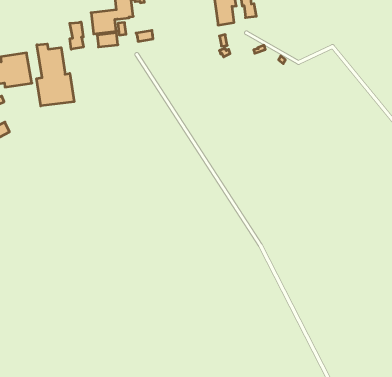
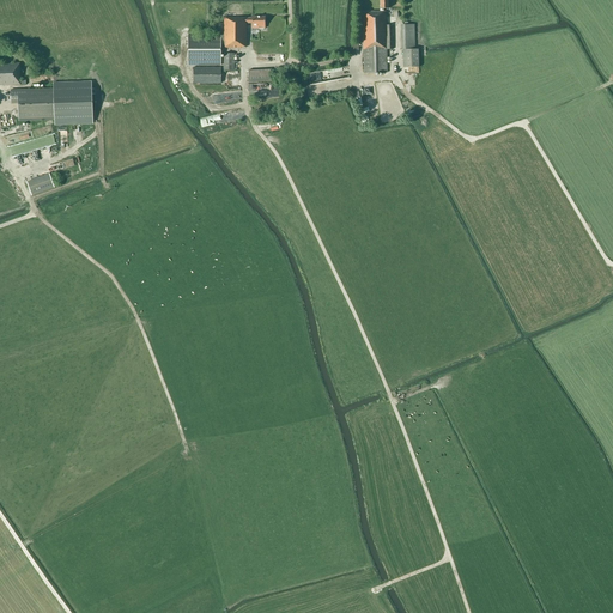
building: [70,22,83,49] -> none
building: [37,44,74,106] -> none

